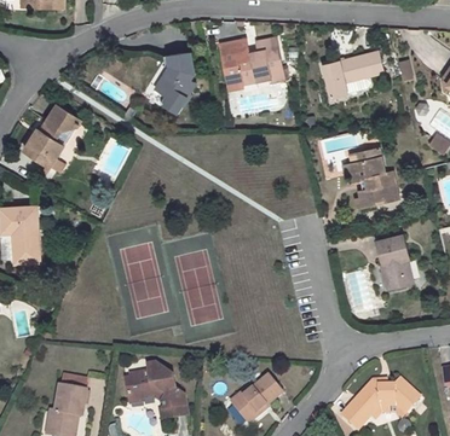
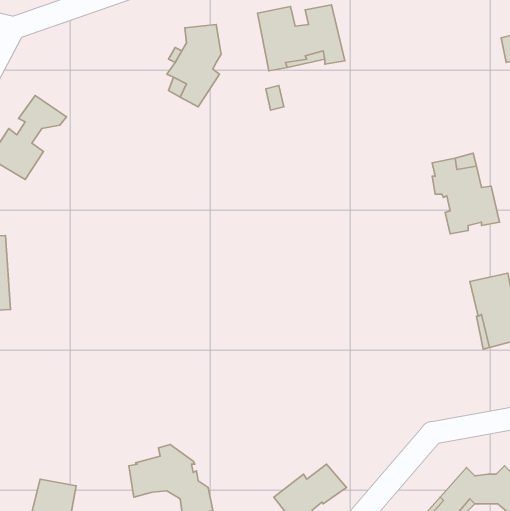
building: [322,51,383,98] -> none

